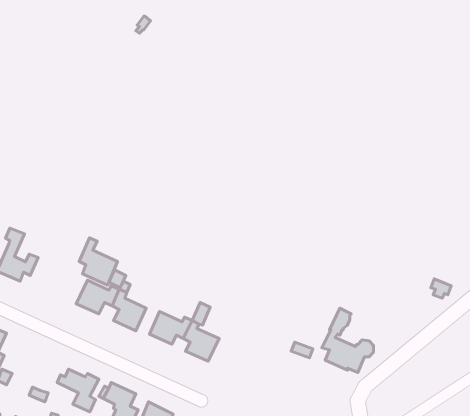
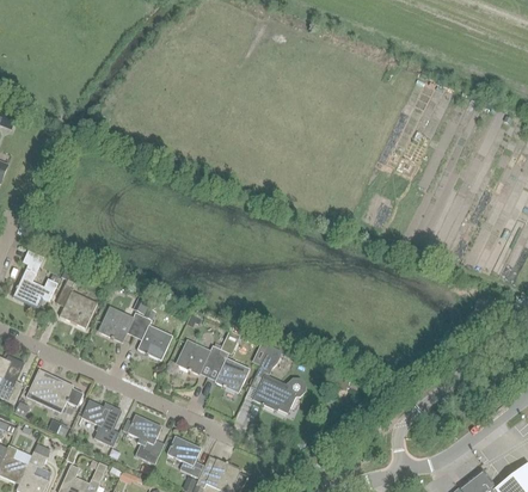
building: [79,238,117,285] -> [56,278,97,328]
building: [322,308,374,373] -> [250,345,305,413]
building: none -> [27,370,84,410]

